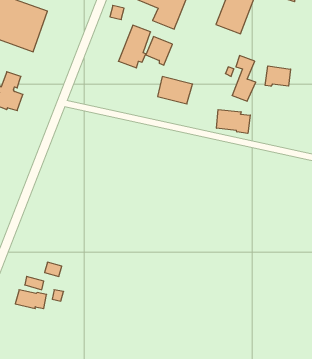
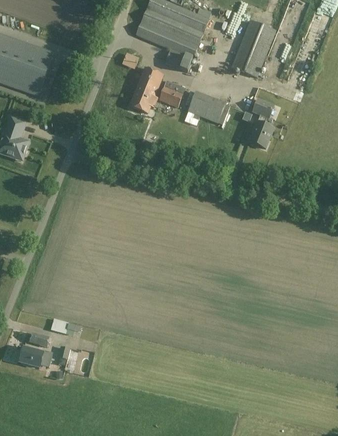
building: [265,66,291,86] -> none
building: [158,77,193,104] -> [185,87,222,116]
building: [217,110,250,133] -> none

